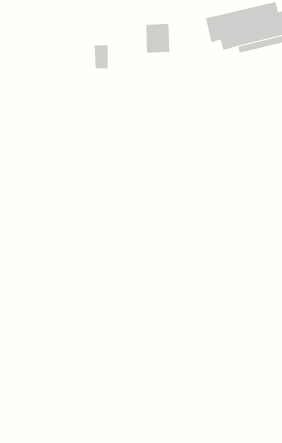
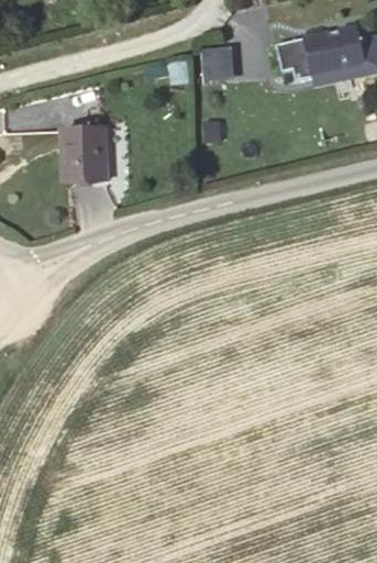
building: none -> [56,123,111,187]

